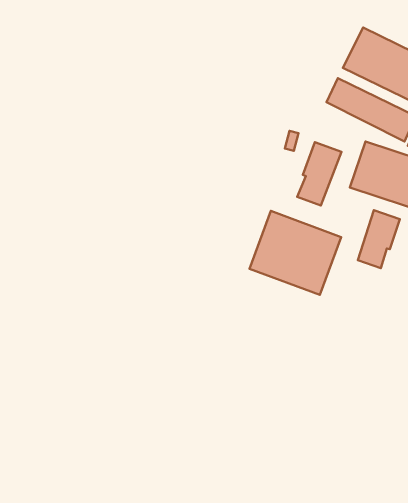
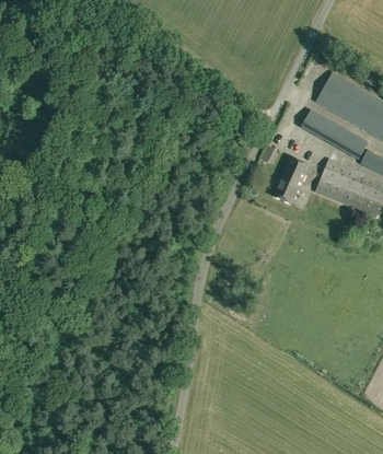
building: [358,210,400,268] -> none
building: [249,211,341,295] -> none

